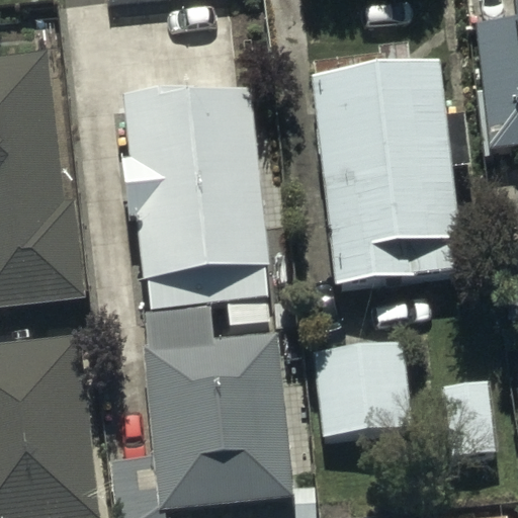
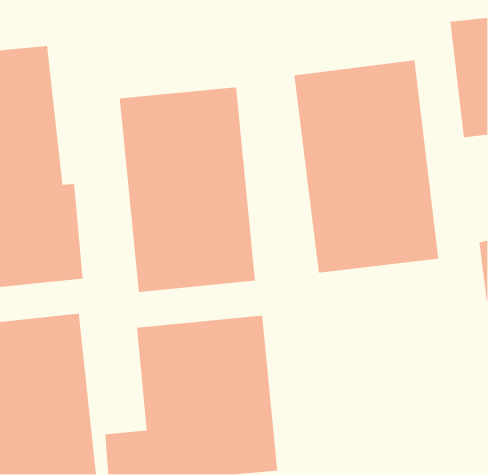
building: [311,341,413,436] -> none

